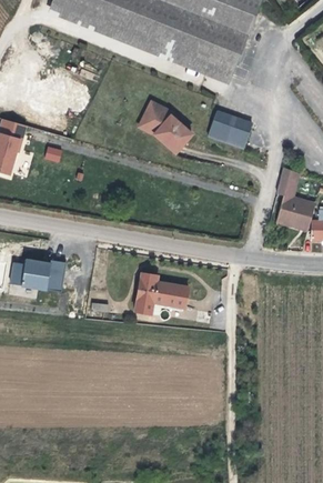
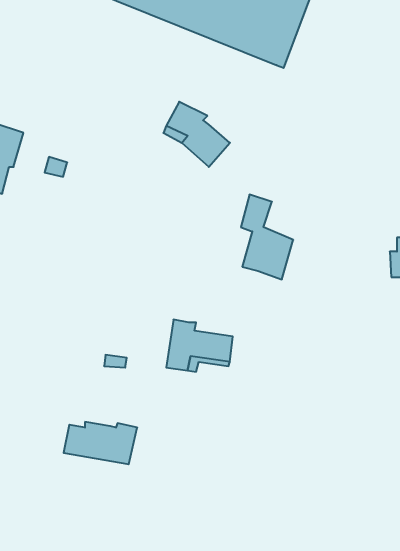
building: [206,110,251,149] -> none
building: [274,170,315,237] -> [241,195,293,279]
building: [14,261,72,294] -> [64,422,137,464]

